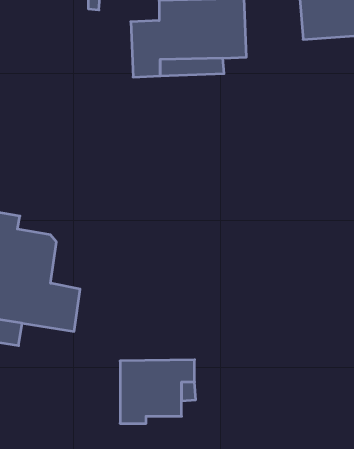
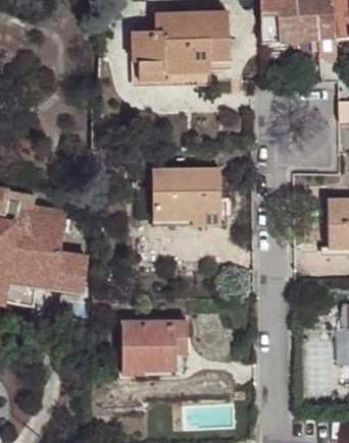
building: none -> [151,165,221,227]

